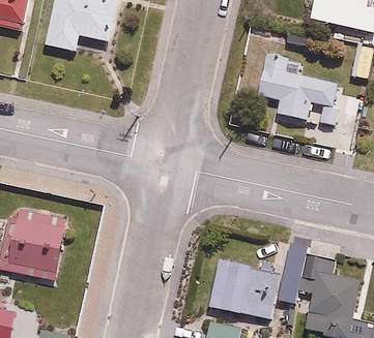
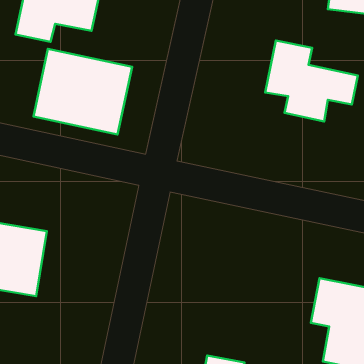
building: none -> [33,49,132,135]
building: [209,259,280,317] -> none

